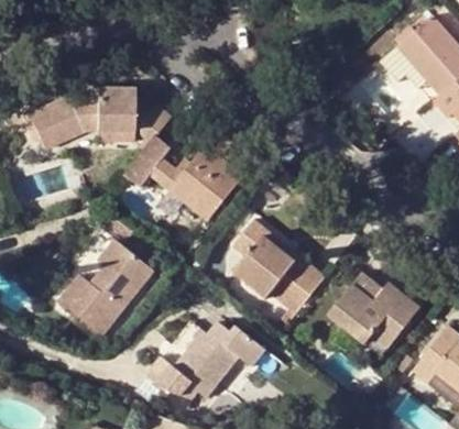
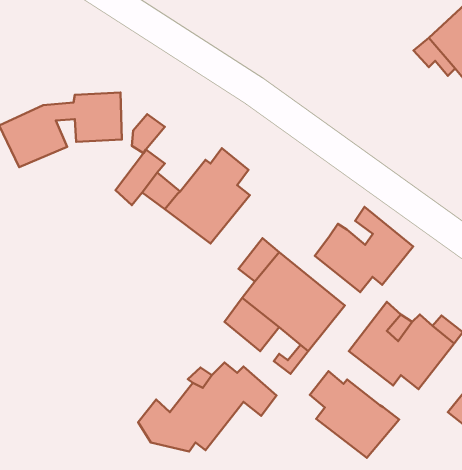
building: none -> [315,207,413,292]
building: [53,220,151,333] -> none
building: none -> [310,371,399,458]

